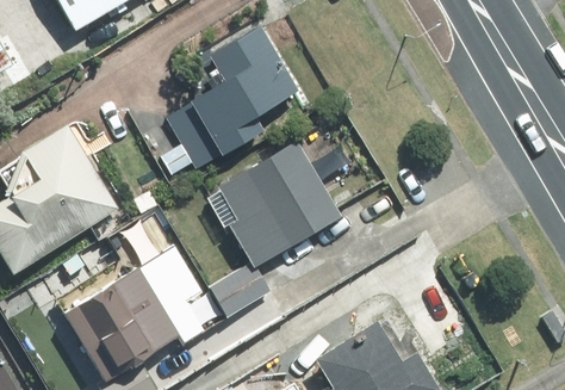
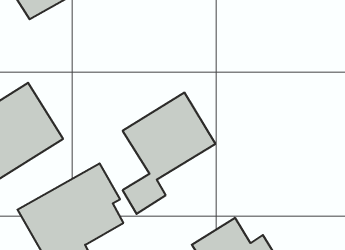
building: [166,29,299,169] -> none

